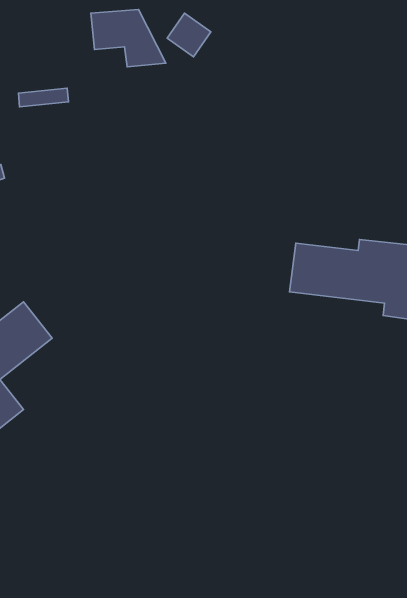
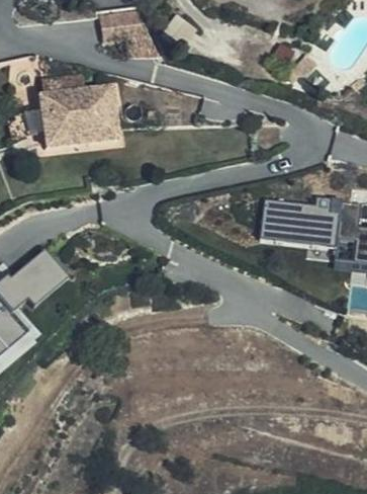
building: none -> [37,86,116,150]

